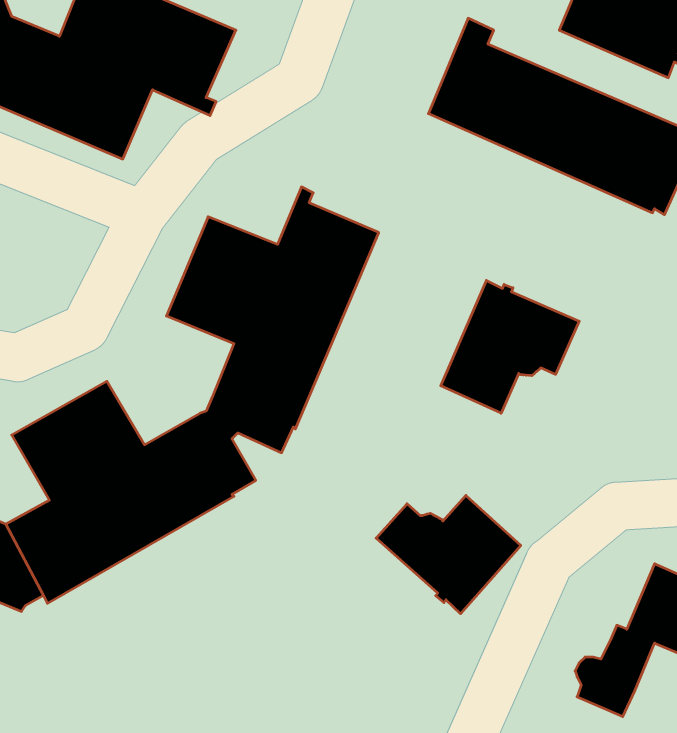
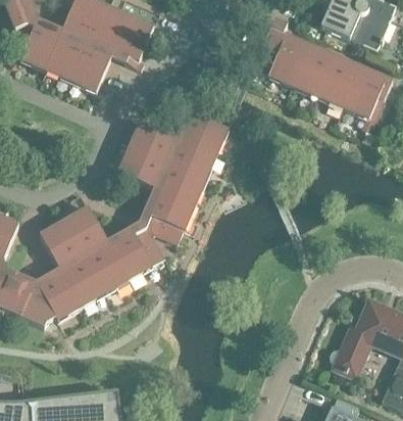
building: [441,280,579,413] -> none
building: [376,495,521,614] -> none

